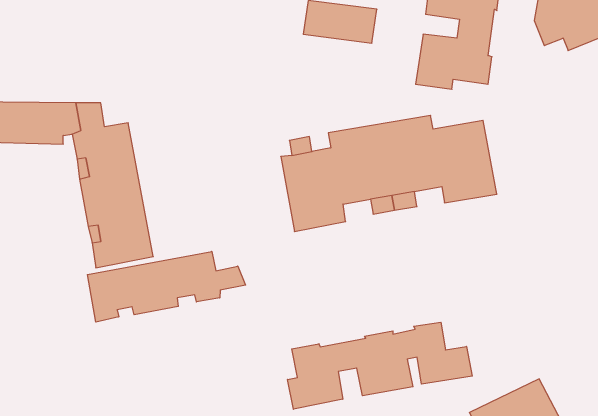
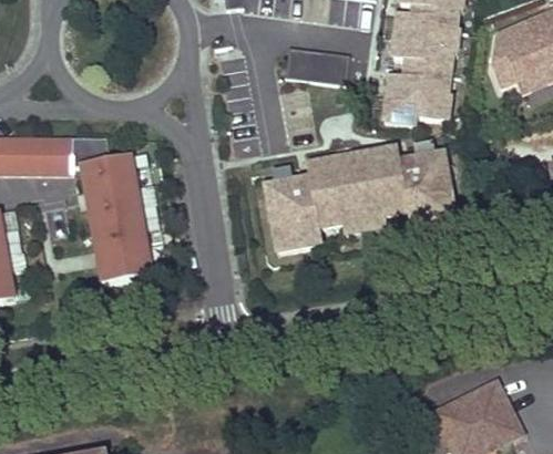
building: [87,251,246,322] -> none
building: [288,322,472,409] -> none

